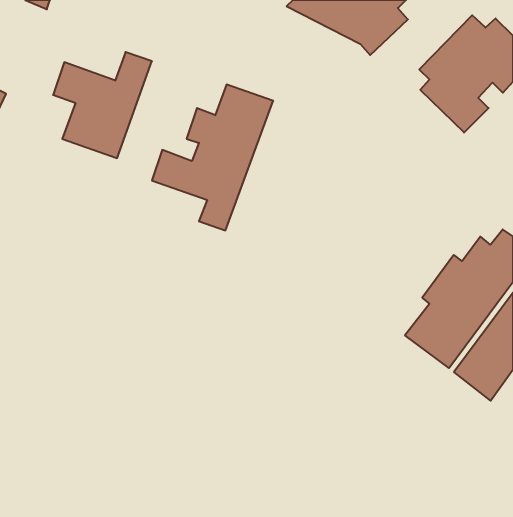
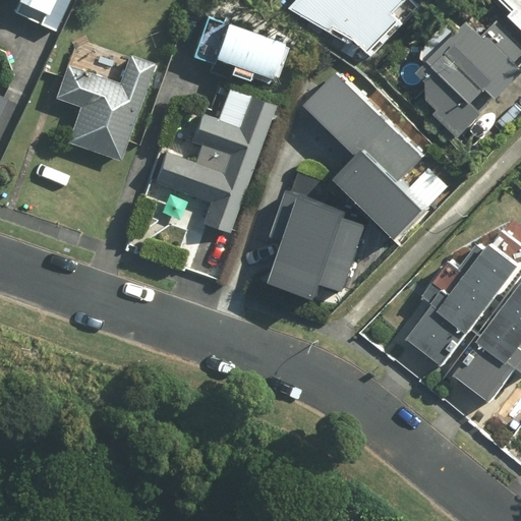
building: none -> [214,21,282,80]
building: none -> [304,72,424,233]
building: none -> [268,183,364,295]

